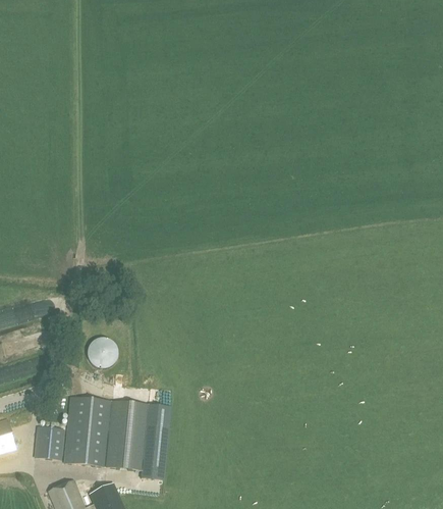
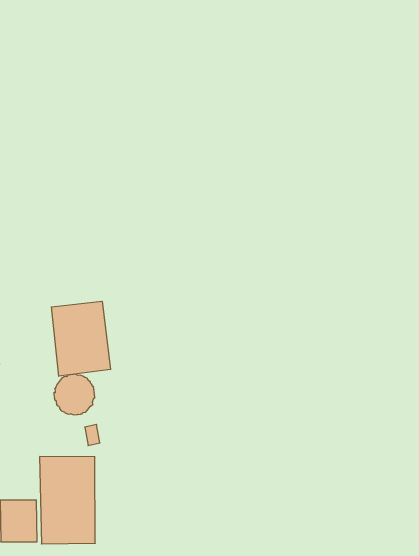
building: none -> [52,301,111,376]
building: [108,401,154,470] -> none

